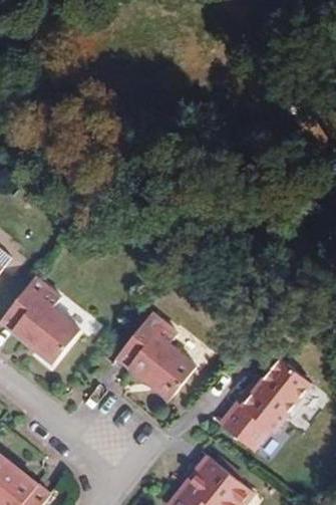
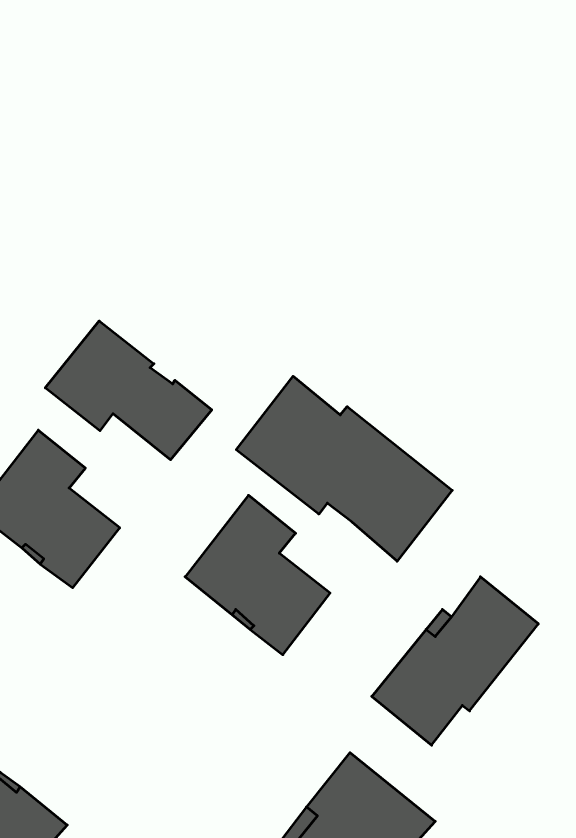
building: none -> [45,321,212,460]
building: none -> [236,376,452,561]

